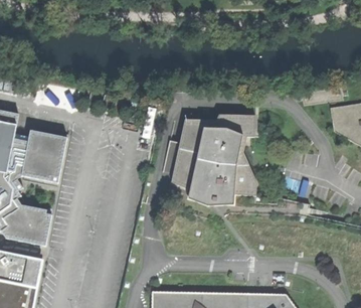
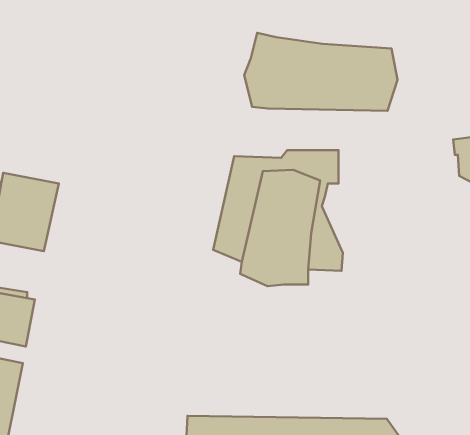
building: none -> [244,33,397,111]

